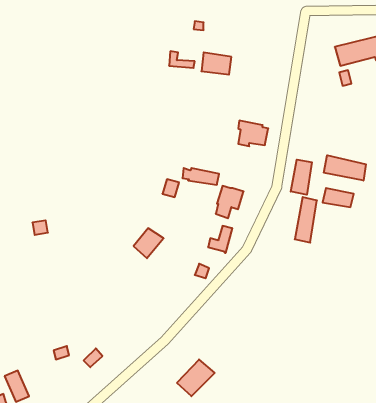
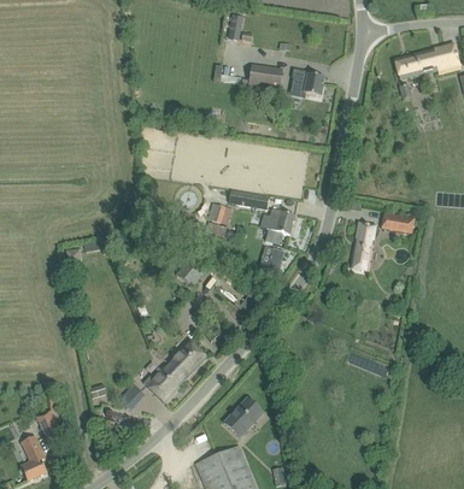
building: [238,121,268,146] -> [292,67,324,95]
building: [324,155,366,181] -> none
building: [291,160,312,195] -> none
building: none -> [143,338,206,401]

